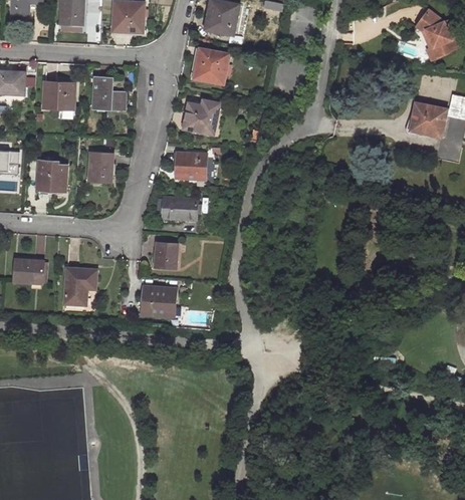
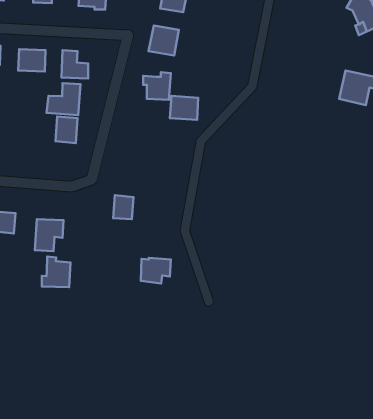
building: none -> [47,83,80,115]
building: [174,153,206,180] -> [170,96,198,120]
building: [36,161,67,193] -> none
building: [162,198,196,220] -> none
building: [141,287,175,316] -> [141,258,171,284]
building: none -> [42,257,70,287]

